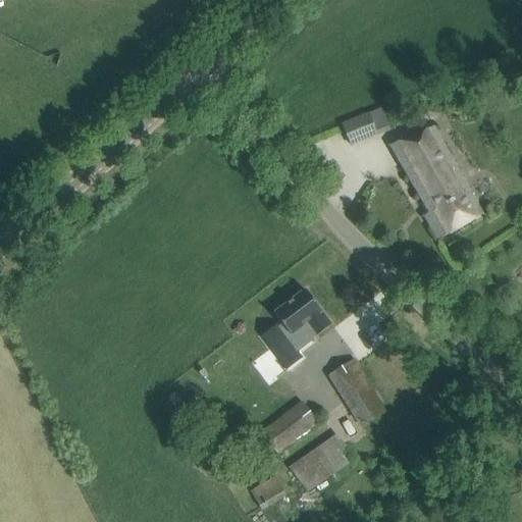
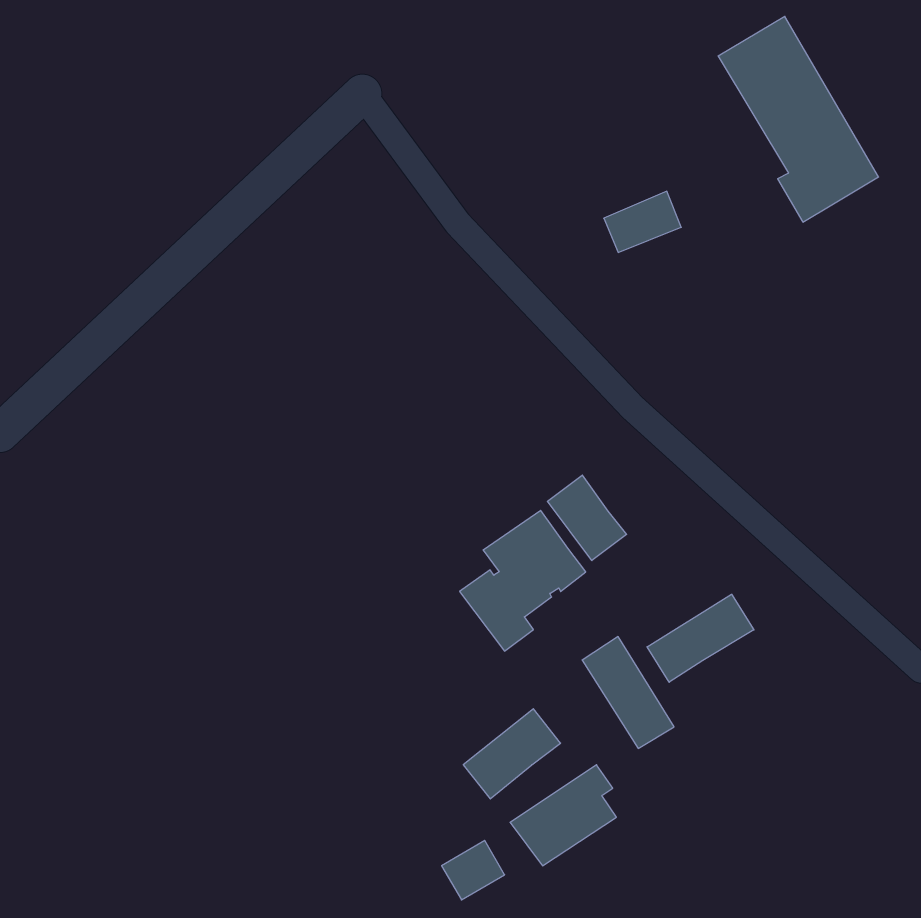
building: [389,122,480,239] -> [718,16,879,222]
building: none -> [547,475,627,561]
building: none -> [647,594,754,682]

